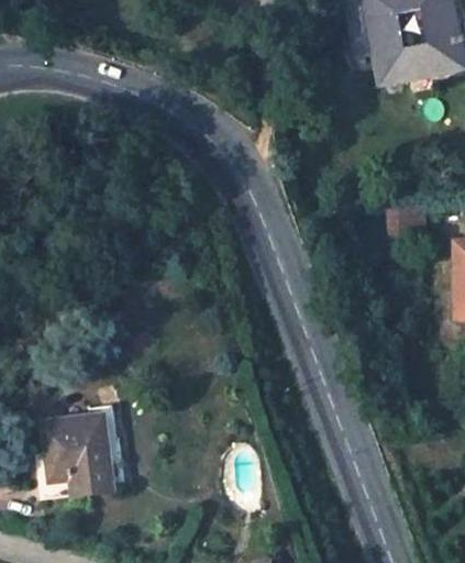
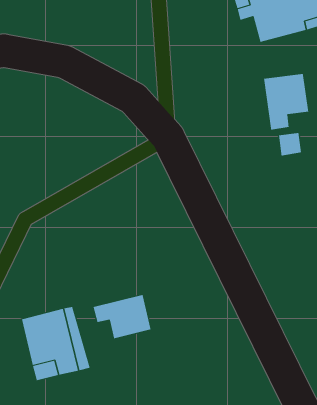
building: none -> [264,73,309,130]
building: none -> [93,294,151,339]

